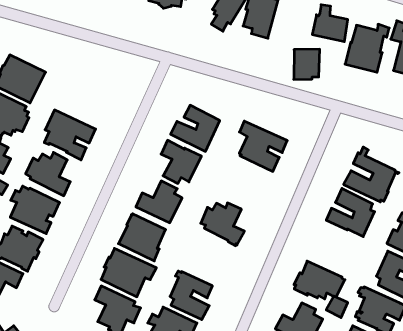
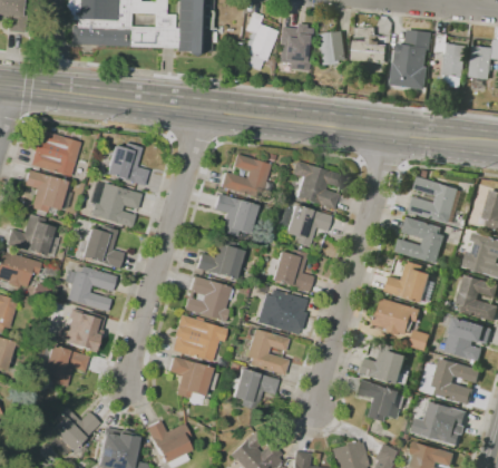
building: [294,49,320,79] -> [316,30,346,66]
building: none -> [97,143,149,186]
building: none -> [280,205,331,246]
building: none -> [387,261,437,304]
building: none -> [256,290,306,335]

